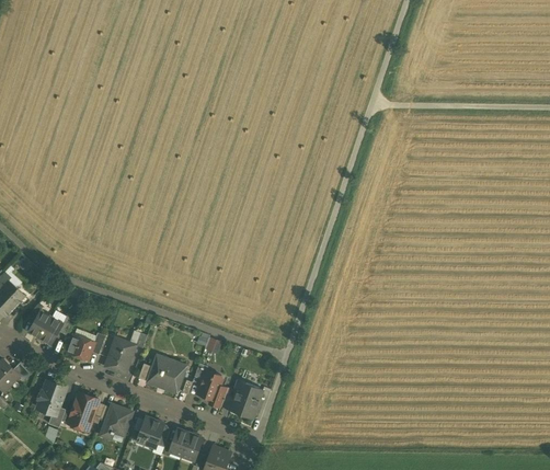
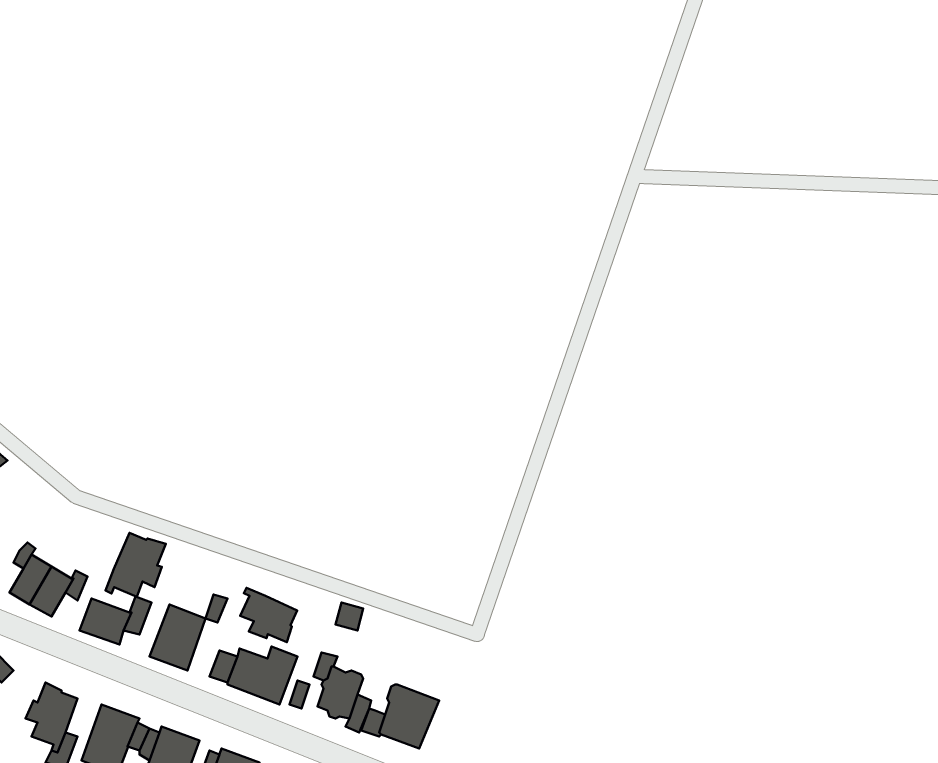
building: none -> [105,533,166,597]
building: none -> [240,588,297,642]

